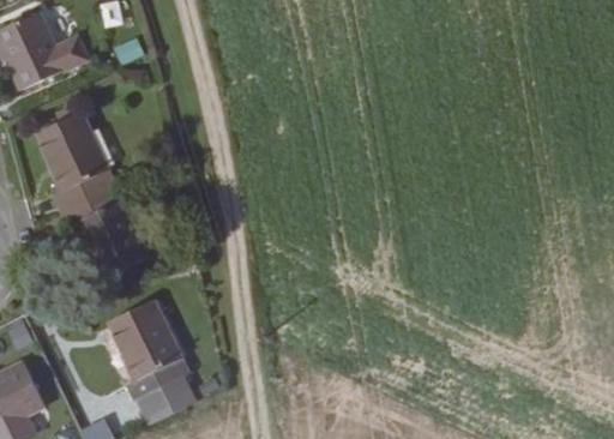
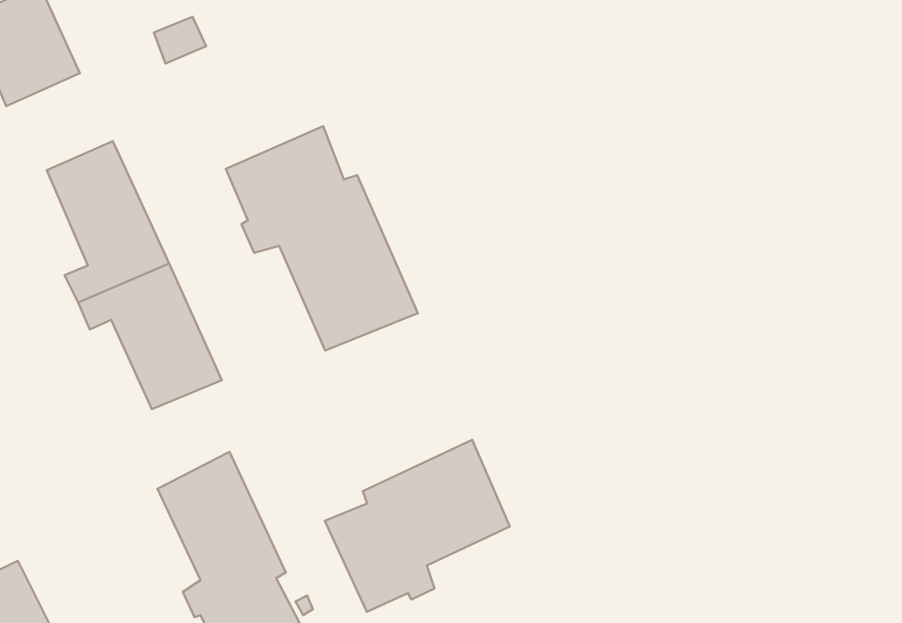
building: none -> [226,126,418,350]
building: none -> [325,440,510,612]

